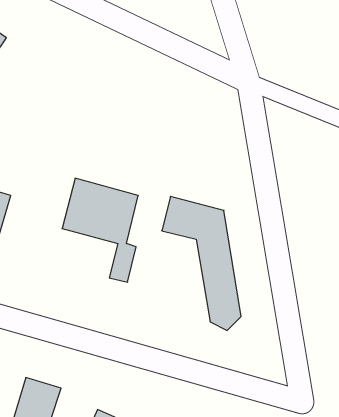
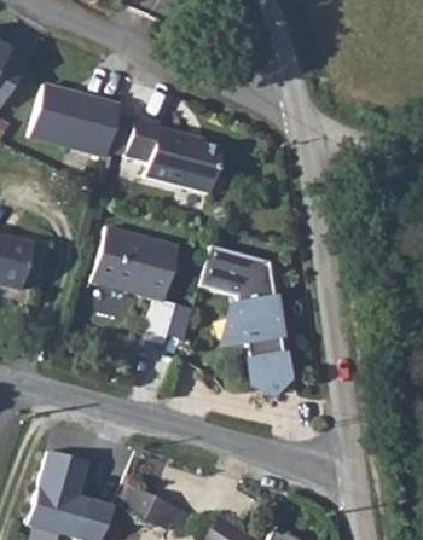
building: none -> [29,83,120,153]
building: none -> [118,115,214,193]

